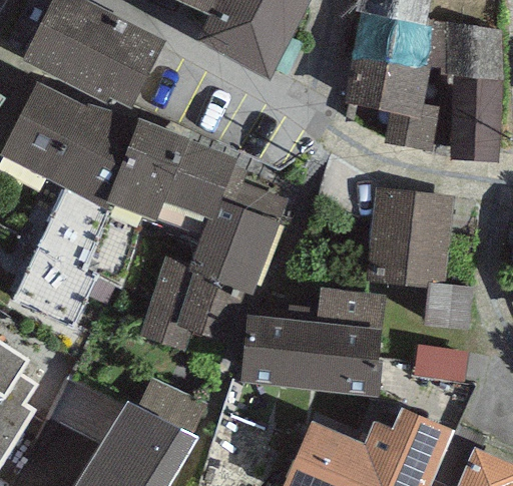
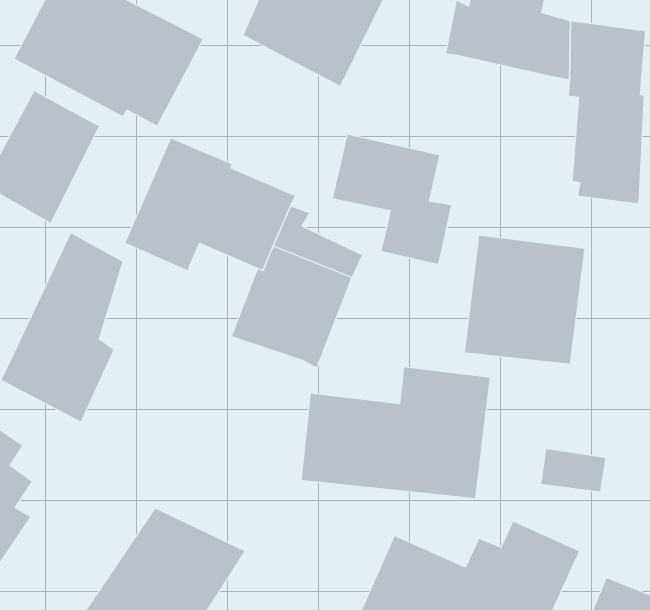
building: [348,53,439,152] -> [332,134,452,264]
building: [50,100,138,209] -> none
building: [138,260,241,361] -> none

